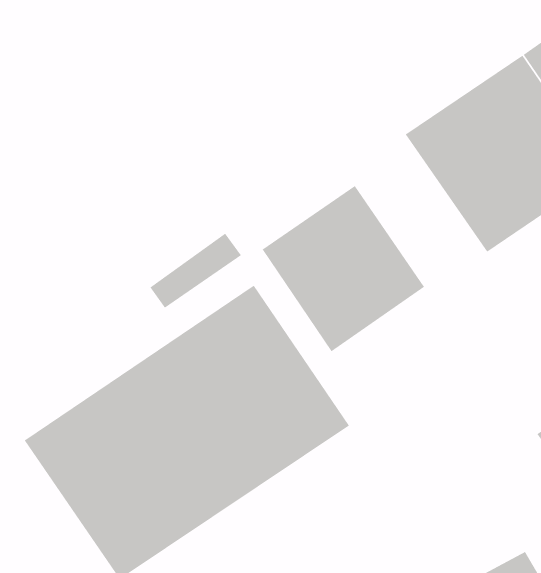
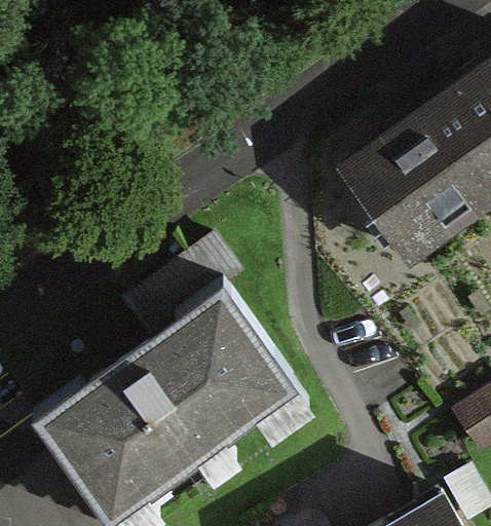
building: [262,185,425,352] -> none

